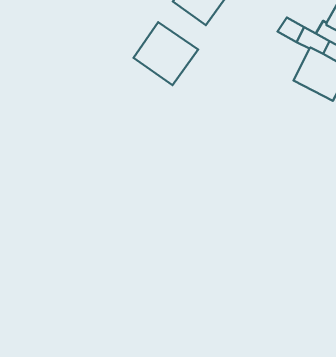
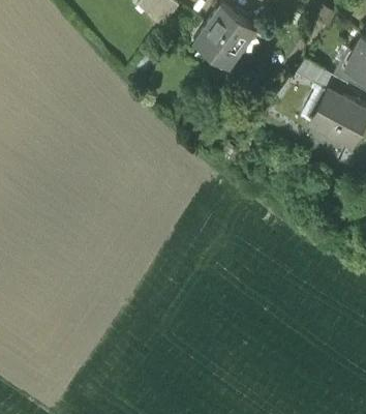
building: [134,22,198,85] -> none

